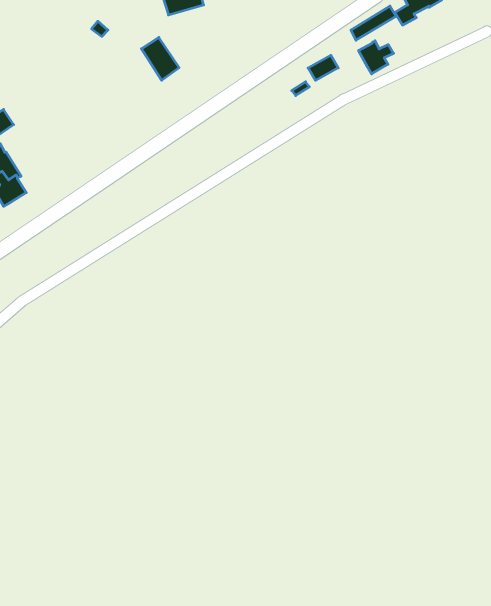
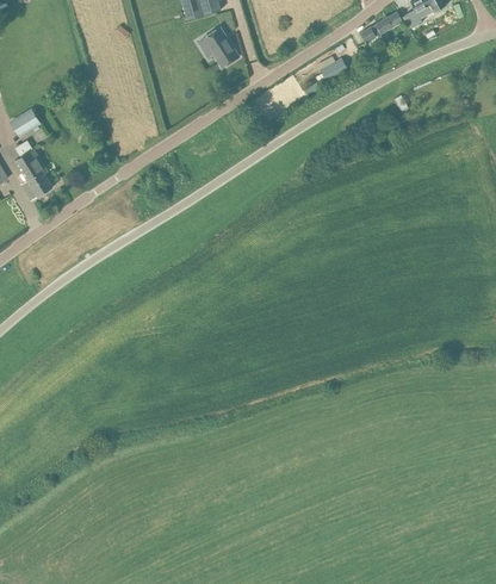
building: [141,37,179,80] -> [203,26,238,67]
building: [359,41,394,74] -> none

